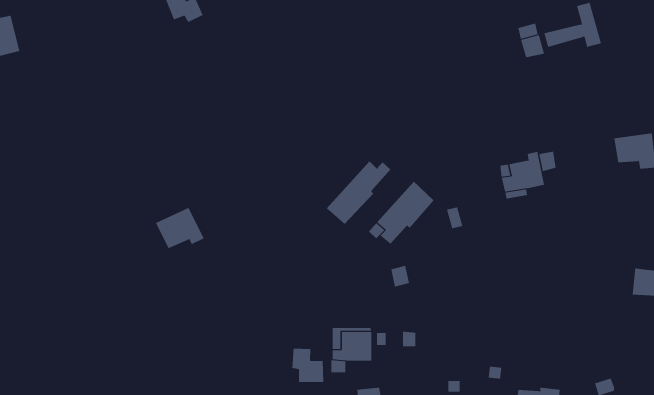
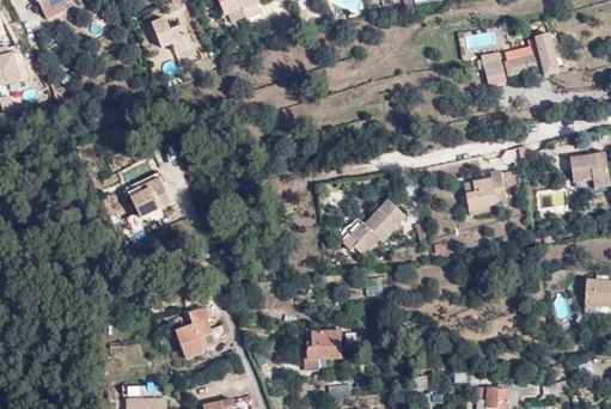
building: [326,161,391,225] -> none
building: [155,207,205,249] -> [126,178,171,216]
building: none -> [173,307,215,360]
building: [292,348,324,383] -> none

